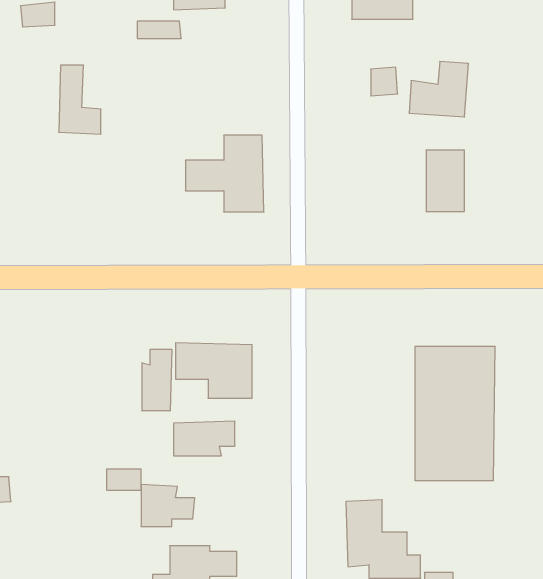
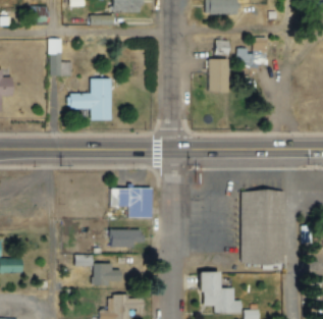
building: [185,135,264,212] -> [67,77,109,118]
building: [426,150,464,211] -> [208,60,228,93]
building: [142,349,172,411] -> none

